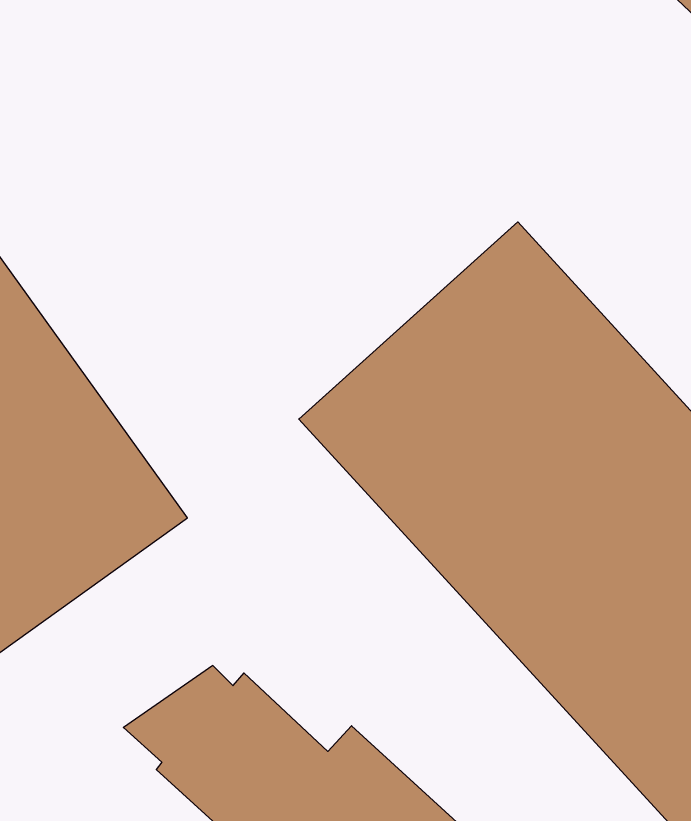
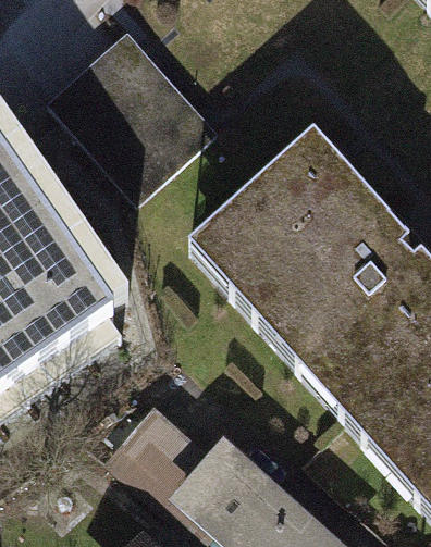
building: none -> [50,32,219,201]

